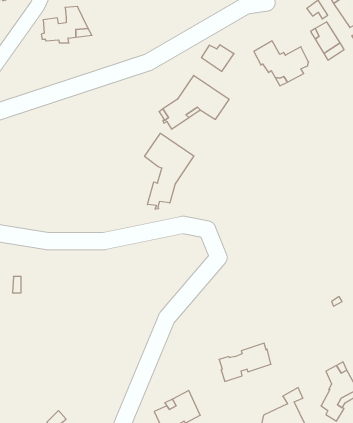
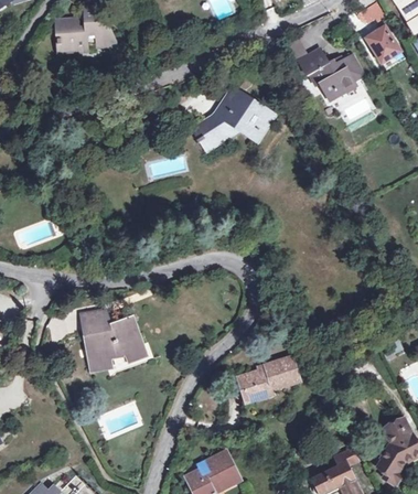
building: [201,45,234,71] -> none
building: [145,133,194,209] -> none
building: none -> [83,311,143,370]
building: [219,343,271,381] -> [238,357,298,401]

